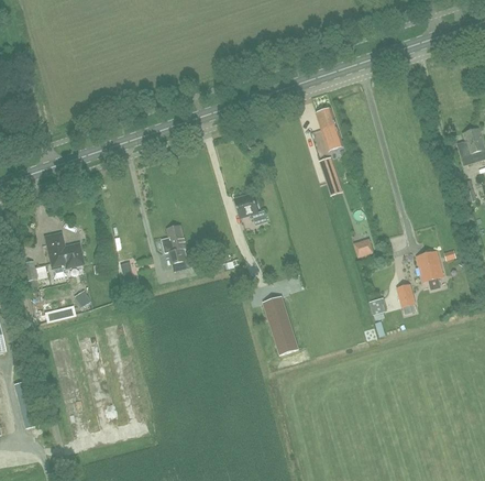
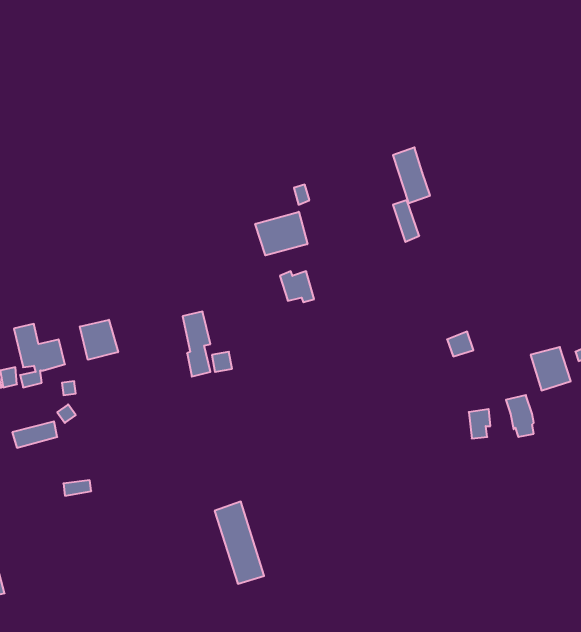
building: none -> [255,212,307,255]
building: none -> [80,320,118,360]
building: [262,296,297,354] -> [215,502,264,584]

